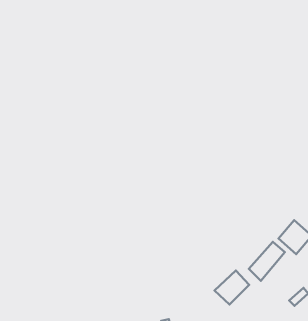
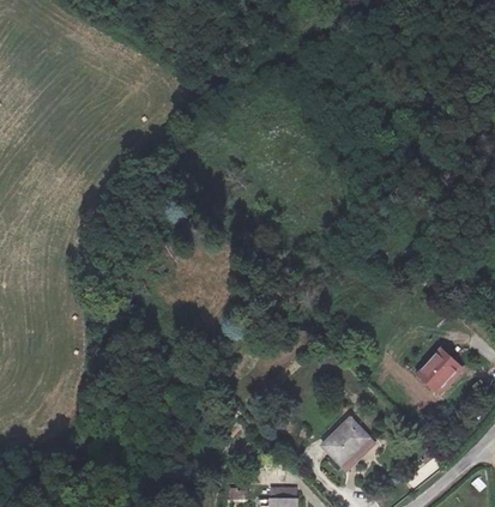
building: [249,242,285,281] -> none

